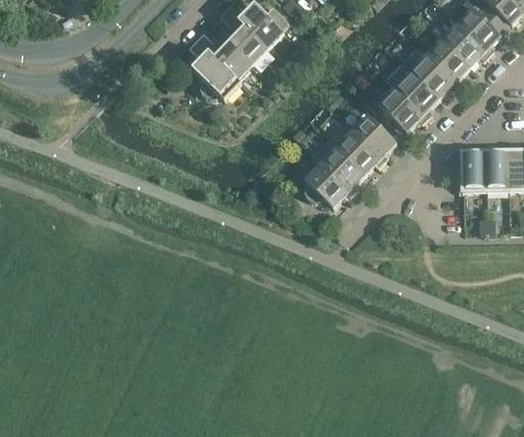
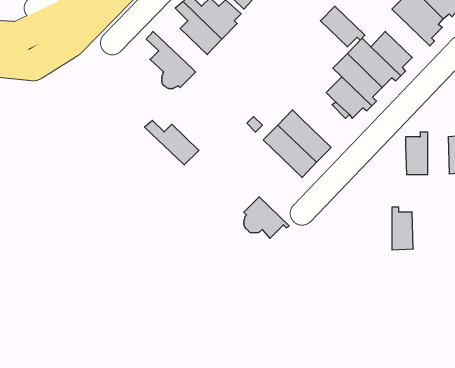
building: [441,24,488,67] -> [320,6,365,47]
building: [195,32,253,79] -> [145,120,199,165]
building: [352,114,396,162] -> none
building: [486,145,509,190] -> [392,207,413,250]
building: [305,163,353,207] -> [244,197,289,238]

